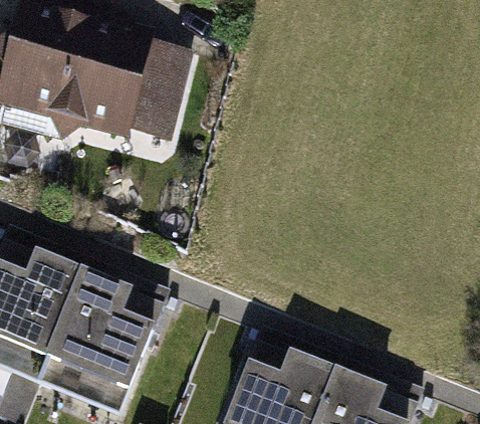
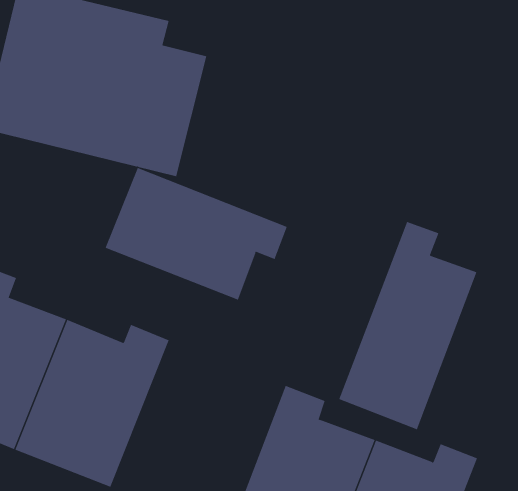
building: none -> [105,167,288,300]
building: none -> [338,221,477,430]

